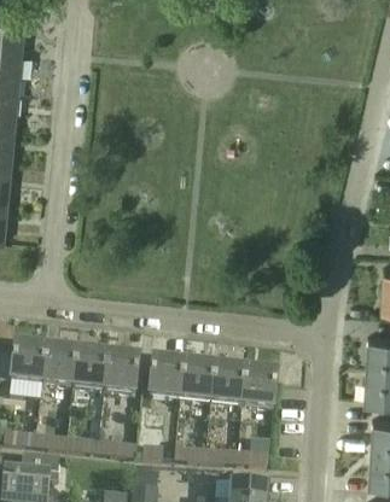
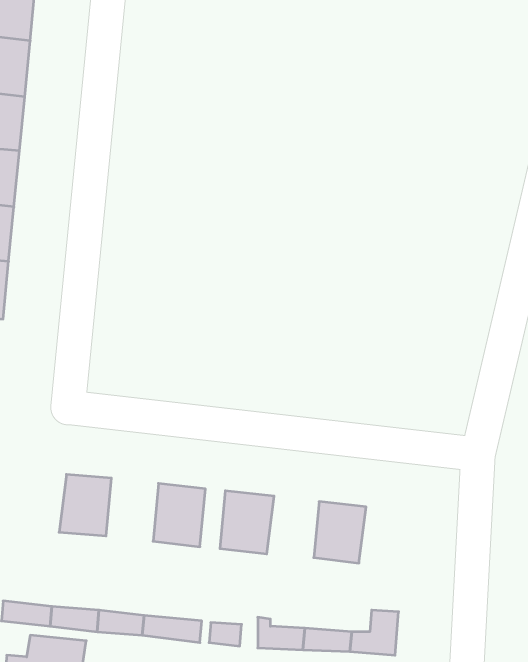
building: [10,345,46,387] -> none
building: [72,351,107,393] -> none
building: [180,363,215,404] -> none
building: [241,370,278,411] -> none

